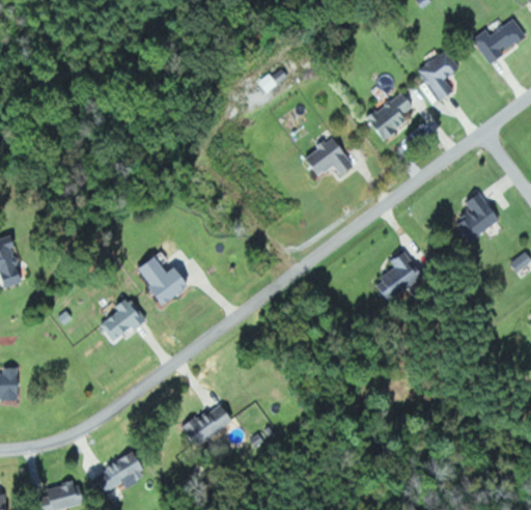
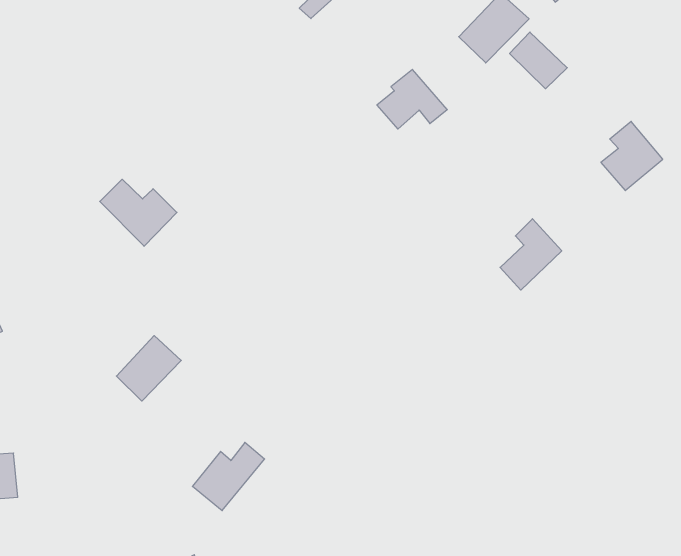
building: none -> [510,32,567,89]
building: [136,256,189,305] -> [100,179,177,246]
building: [178,403,231,449] -> [192,442,265,511]

